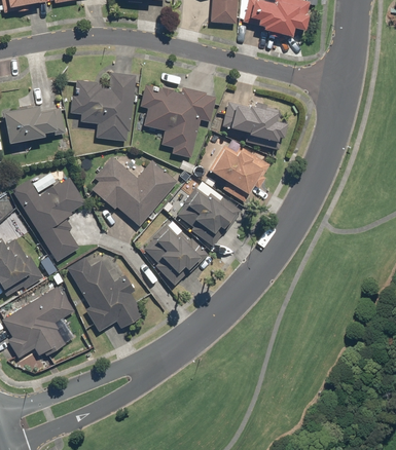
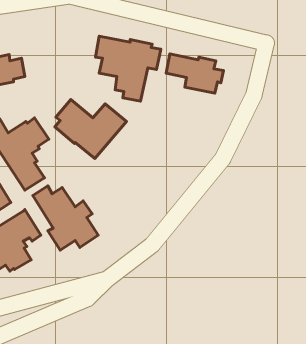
building: [70,74,135,142] -> none
building: [211,146,268,203] -> none
building: [176,186,241,246] -> none
building: [140,223,207,285] -> none

